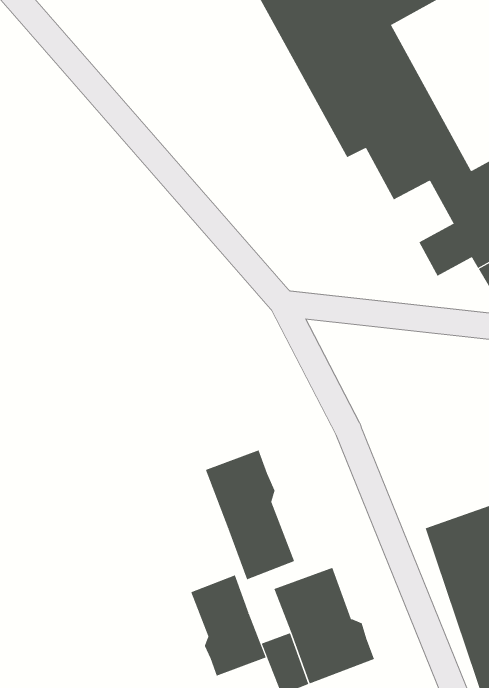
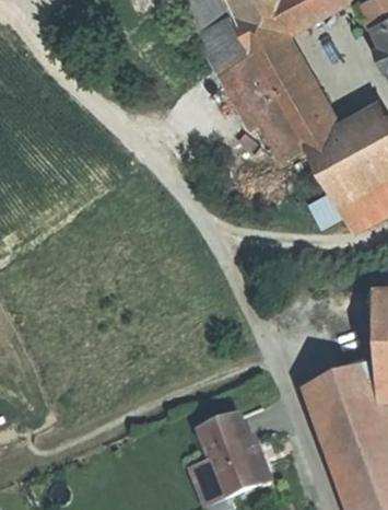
building: [205,449,295,580] -> none
building: [190,575,266,677] -> none

